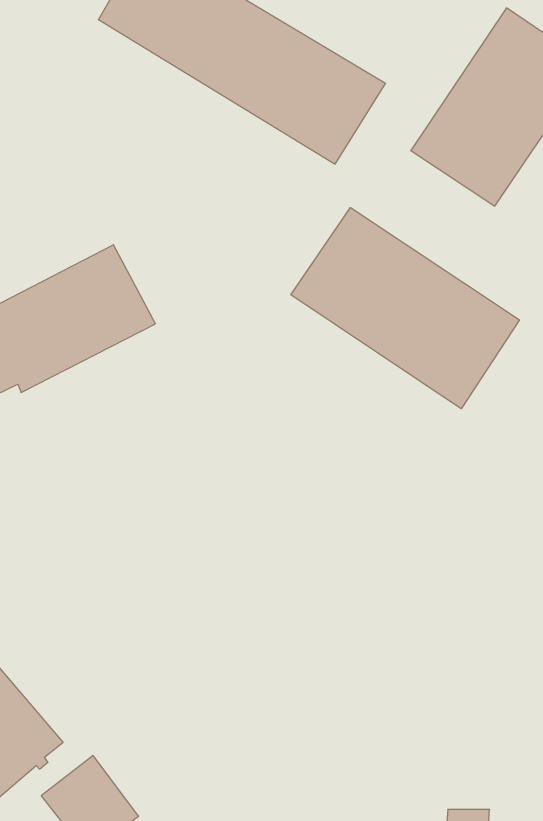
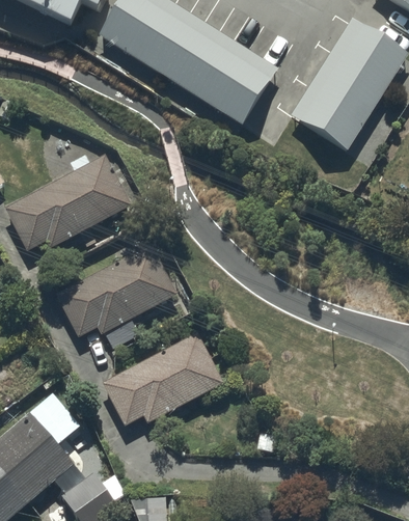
building: [291,208,520,409] -> none
building: none -> [55,248,176,351]
building: none -> [104,335,224,428]

